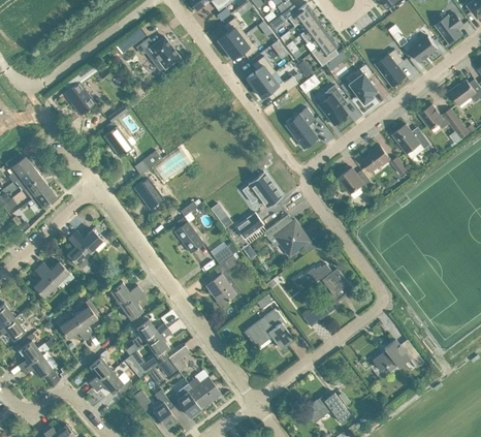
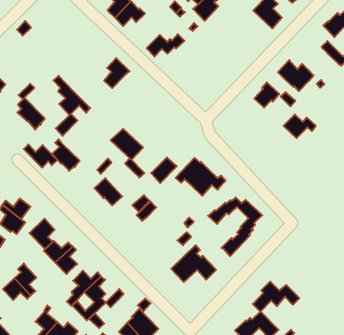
building: [136,37,180,70] -> none
building: [247,56,276,88] -> [104,58,130,88]
building: [351,65,378,104] -> none
building: [318,86,348,126] -> none
building: none -> [53,76,90,115]
building: [419,104,450,129] -> none
building: [289,107,317,149] -> none
building: [338,168,373,194] -> [283,115,316,138]
building: [249,170,283,206] -> [111,129,143,160]
building: none -> [24,144,58,168]
building: none -> [29,219,55,249]
building: [206,275,235,306] -> none
building: [373,340,424,371] -> [253,282,299,311]

